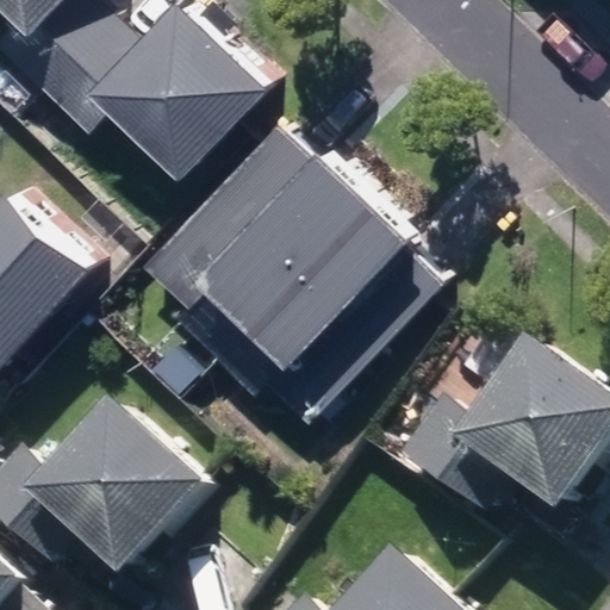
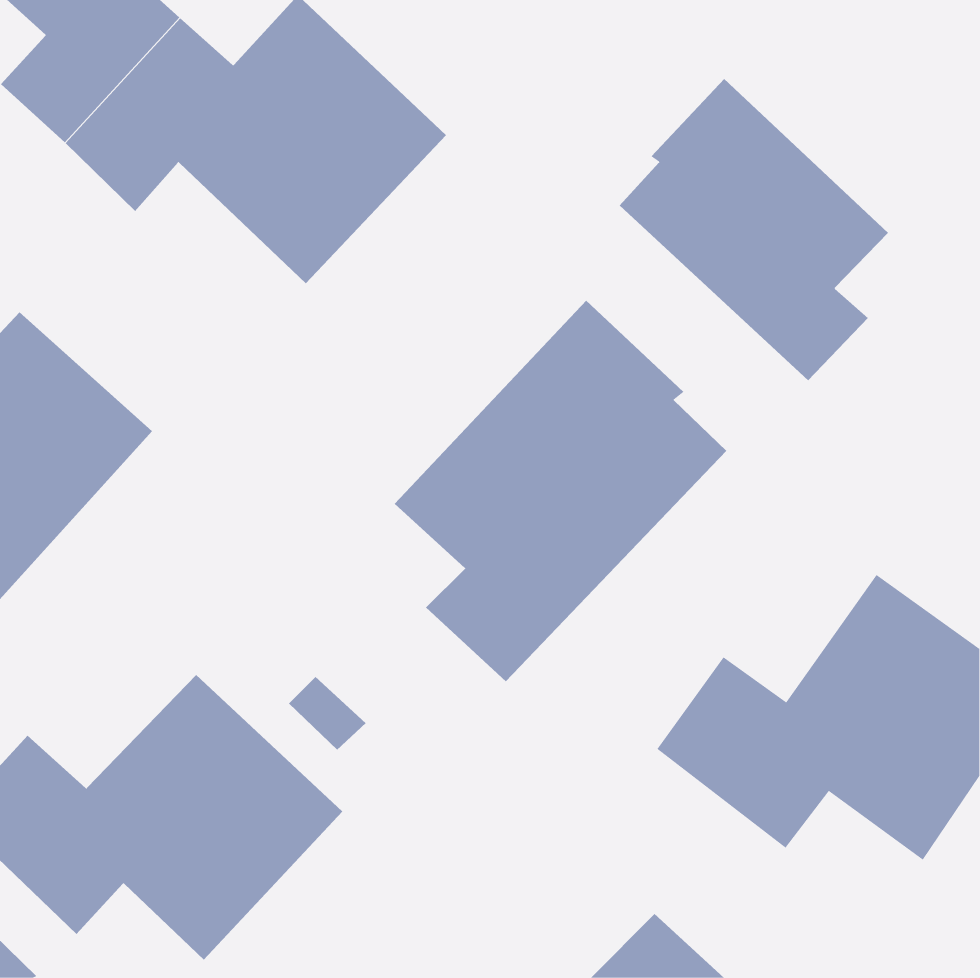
building: none -> [619,78,889,381]
building: [143,116,356,306] -> none

